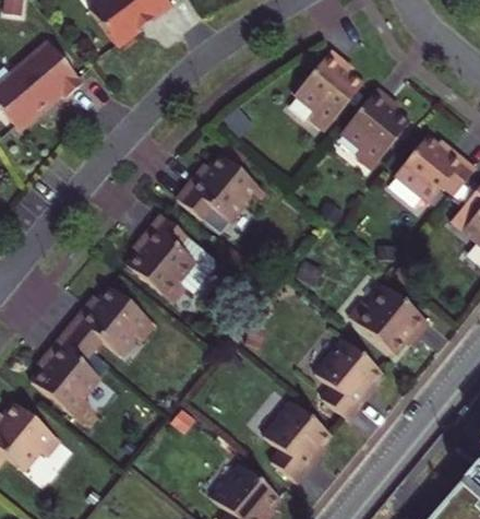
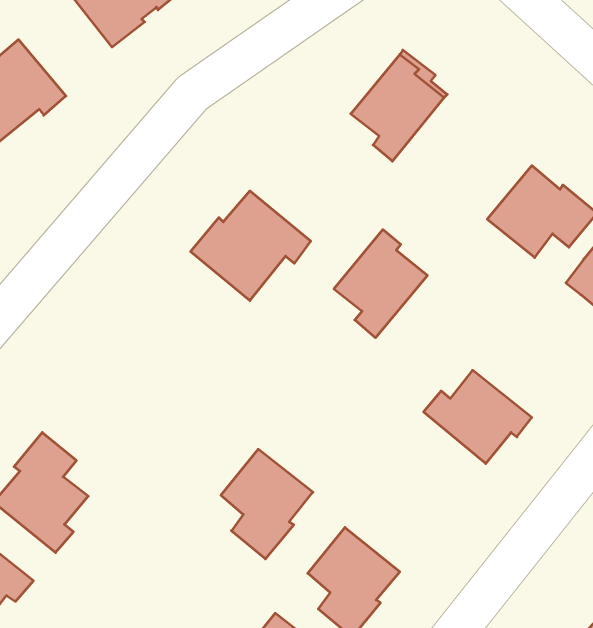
building: [340,87,409,167] -> [334,230,427,338]
building: [127,213,216,303] -> none
building: [67,285,155,354] -> none
building: [313,338,381,418] -> [221,449,313,559]

